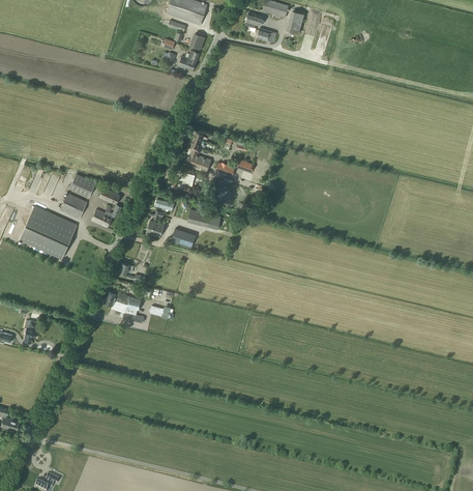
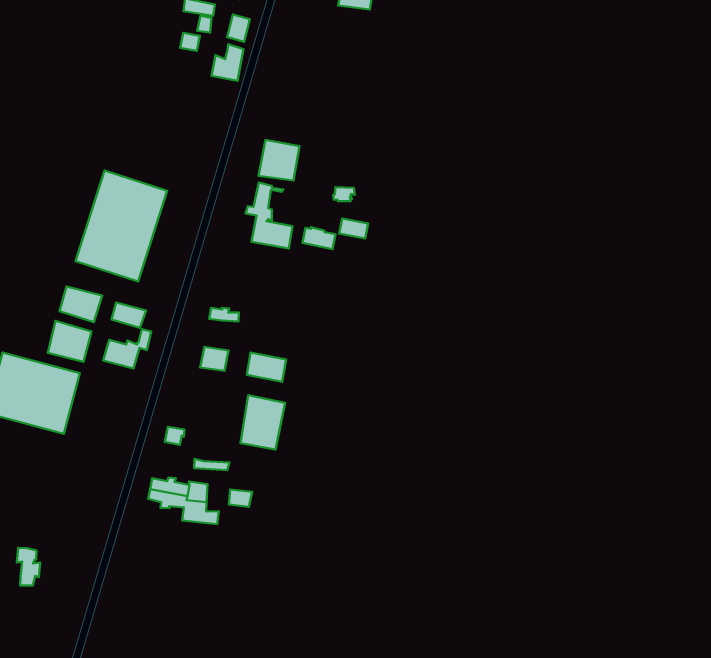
building: none -> [259,140,299,180]
building: none -> [75,170,167,281]
building: none -> [240,395,285,450]

